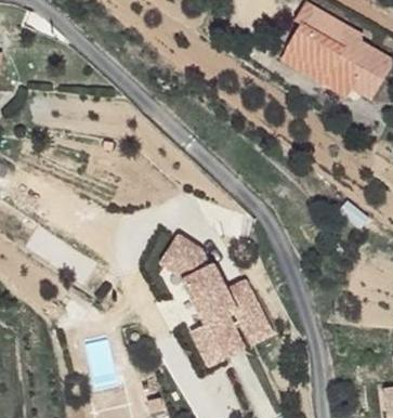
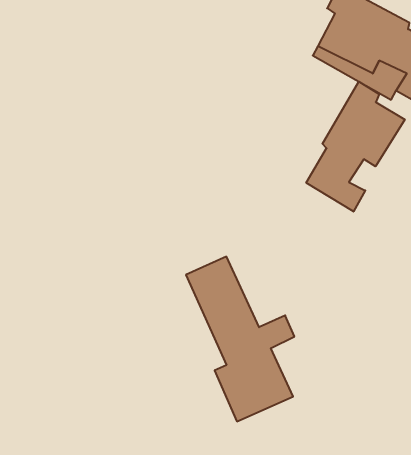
building: none -> [306,82,405,212]

